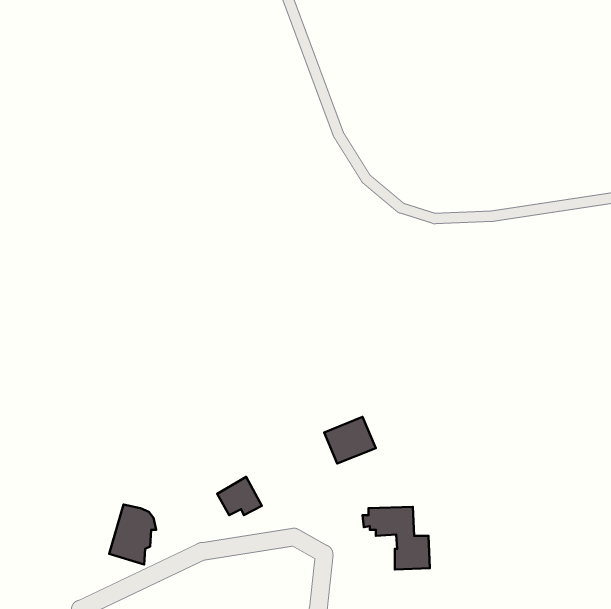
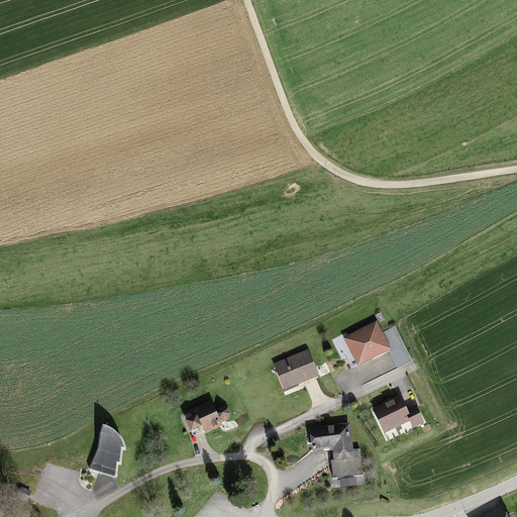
building: none -> [343,322,390,367]
building: none -> [377,393,427,428]

